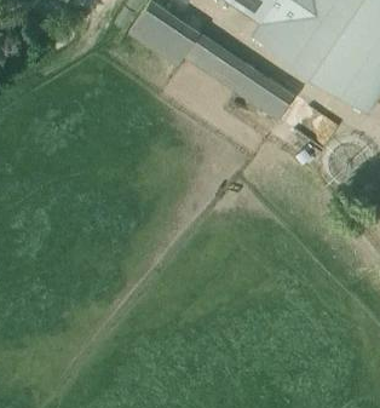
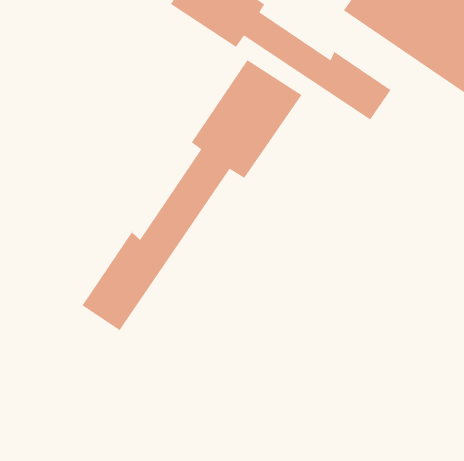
building: none -> [82,59,302,331]

